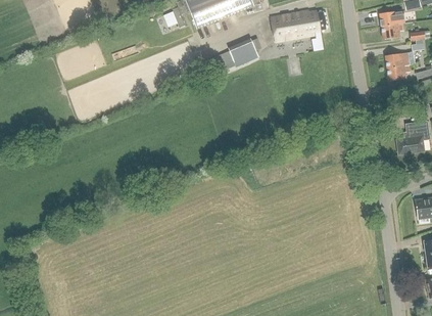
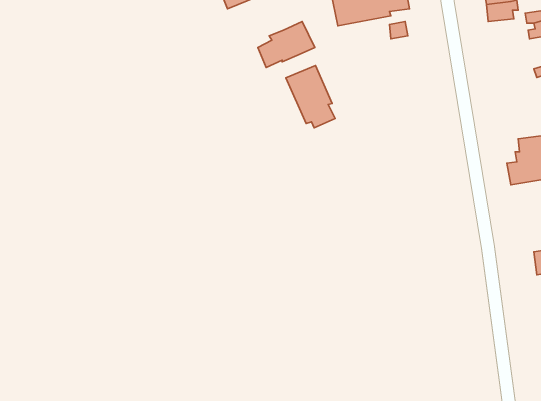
building: [386,52,411,81] -> none
building: none -> [286,65,335,128]

